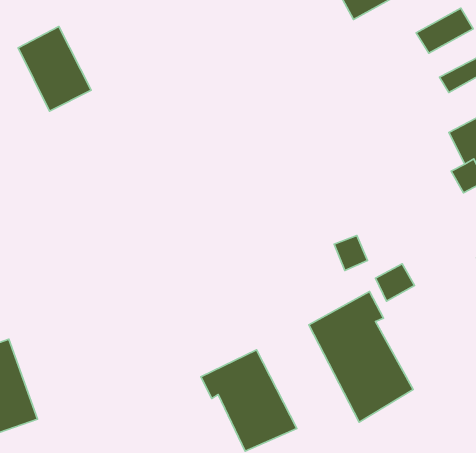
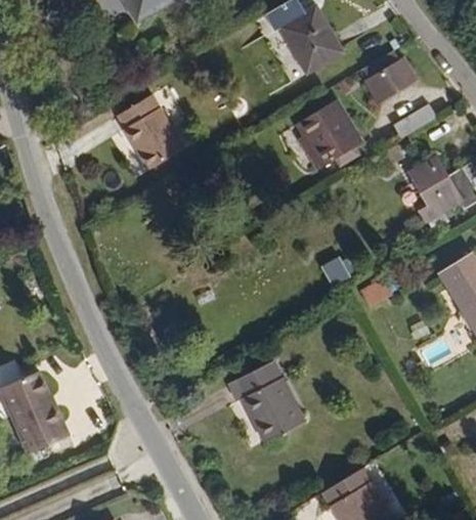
building: [18,27,91,111] -> [111,98,176,171]
building: none -> [302,103,363,167]
building: [309,292,413,422] -> none

